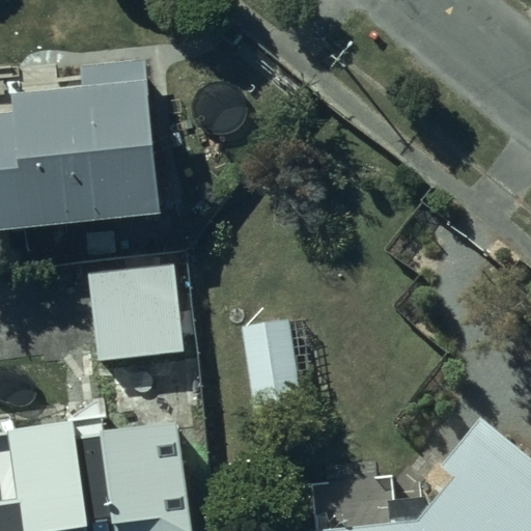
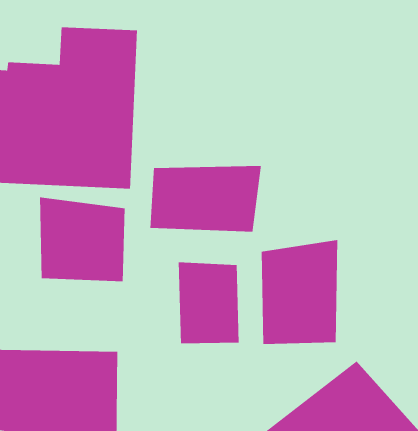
building: none -> [150,165,262,233]
building: none -> [261,239,338,345]

